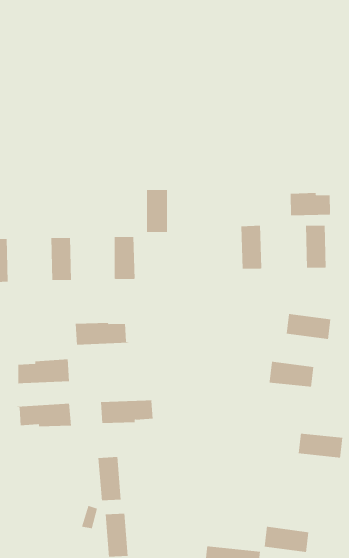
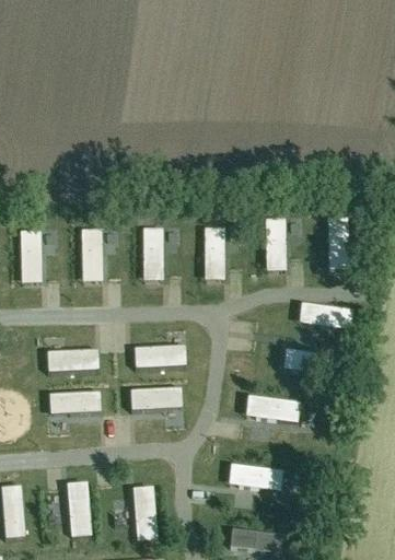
building: [146,190,168,233] -> [204,229,224,270]
building: [290,192,332,216] -> none
building: [75,323,129,345] -> [133,346,186,368]
building: [298,433,343,458] -> [255,397,299,421]
building: [98,457,121,501] -> [68,492,91,535]
building: [264,526,309,552] -> [239,465,282,490]

